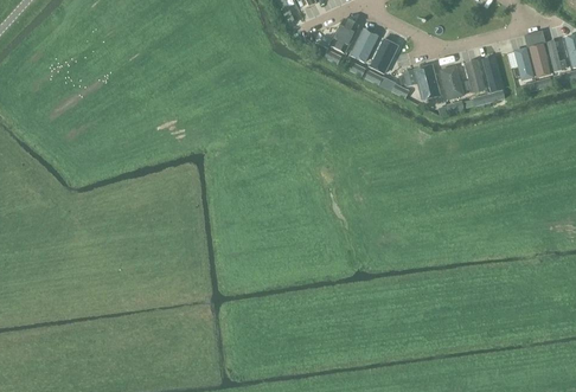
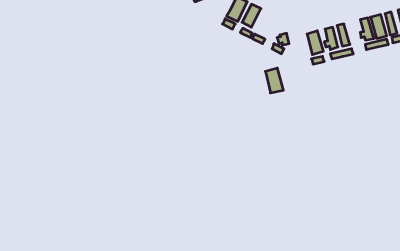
building: [369,38,398,72] -> none
building: [415,64,440,98] -> [265,68,283,93]

